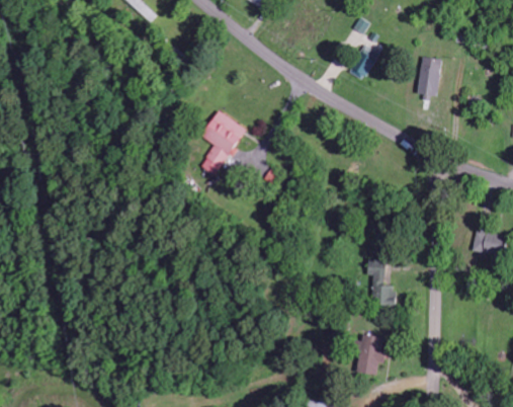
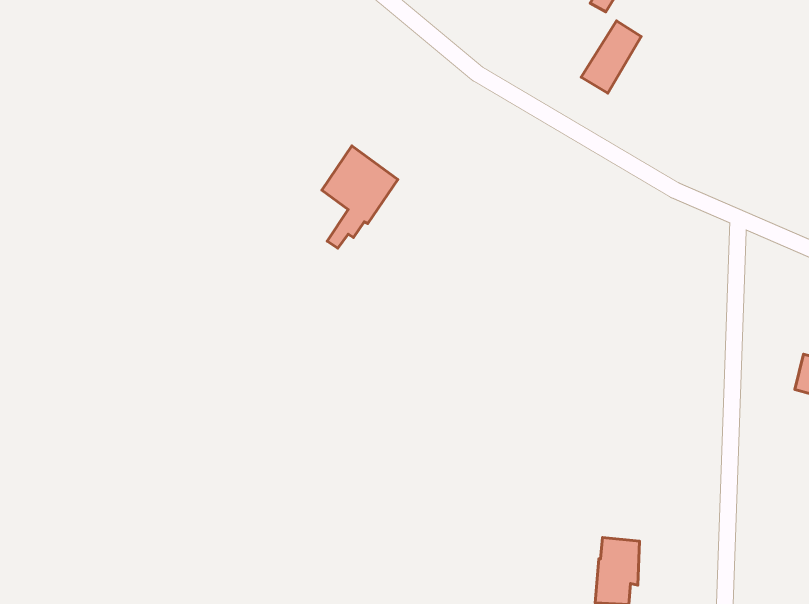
building: [417,57,441,95] -> none
building: [367,260,394,305] -> none

